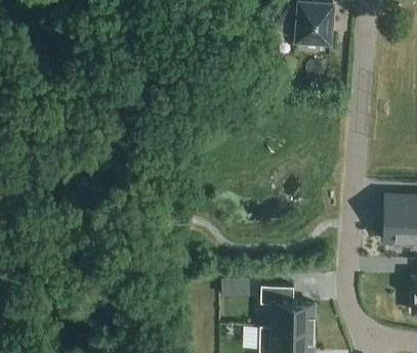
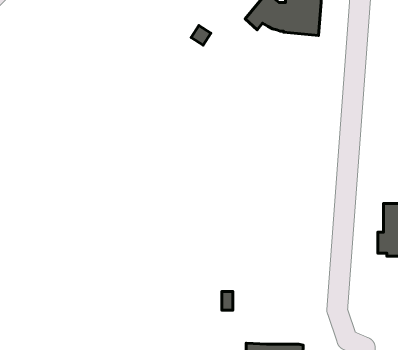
building: [261,286,316,329] -> none

